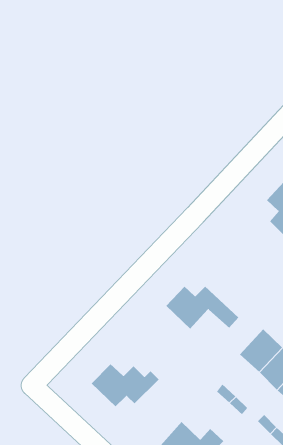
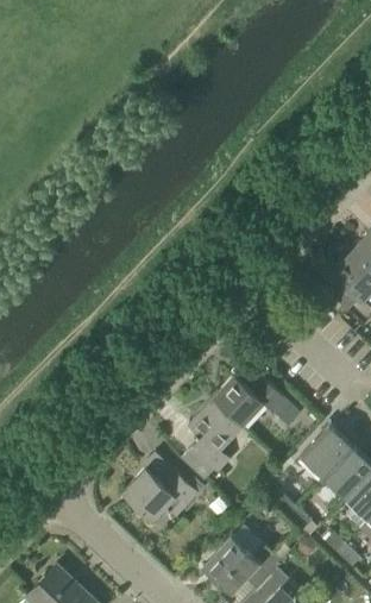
building: none -> [189,398,241,473]

